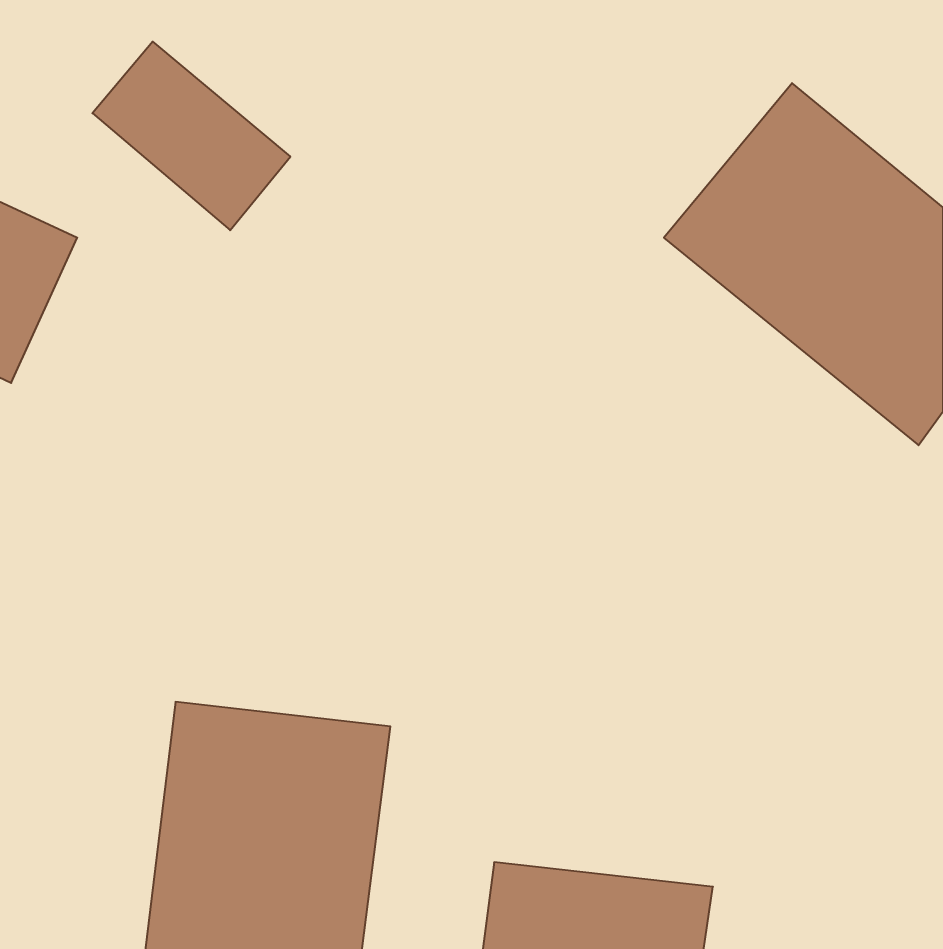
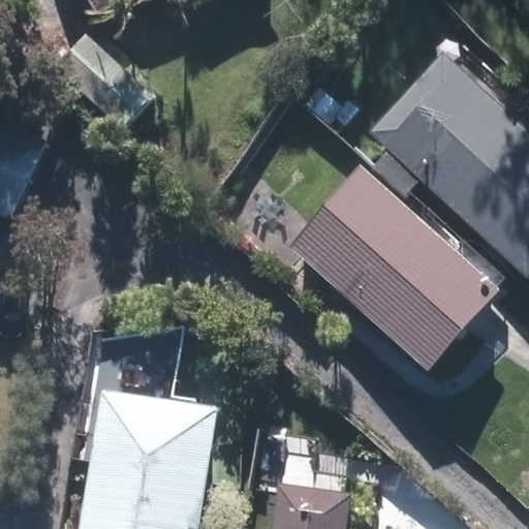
building: none -> [294,164,492,353]

